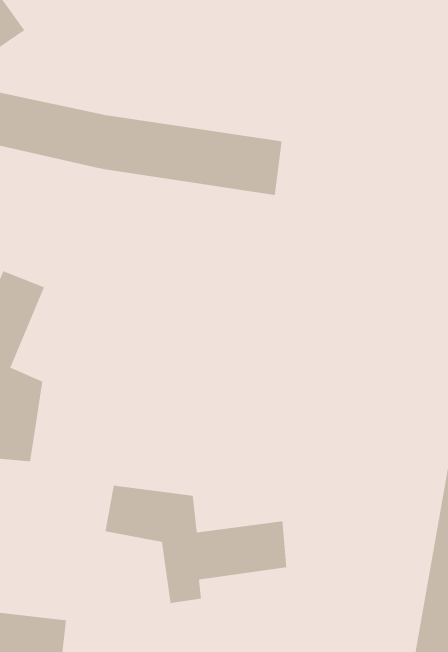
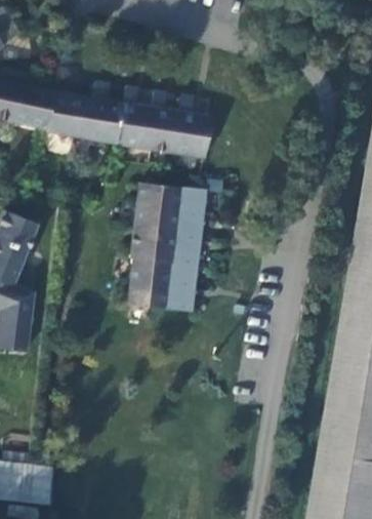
building: none -> [123,183,211,312]
building: [105,485,287,604] -> none

